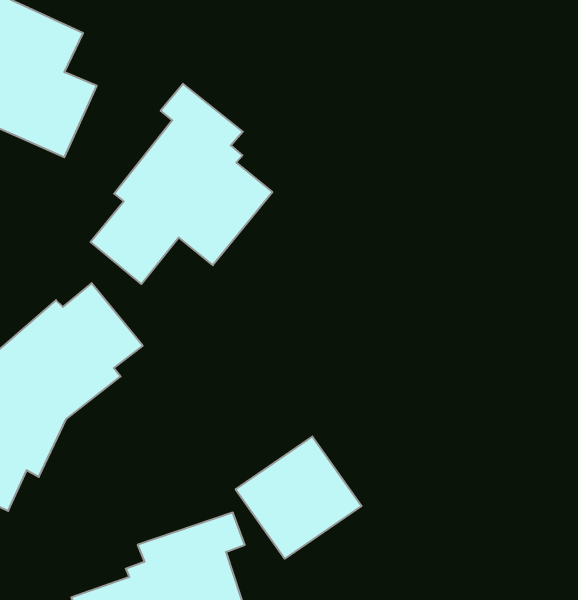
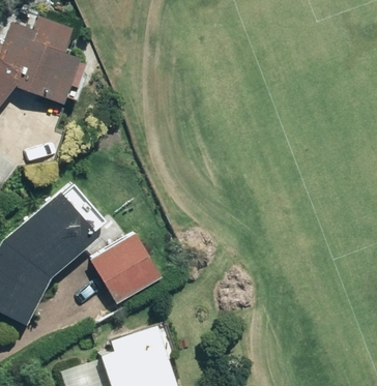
building: [91,84,272,284] -> none
building: [236,436,362,559] -> [92,231,169,305]

